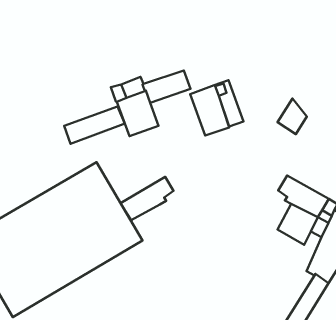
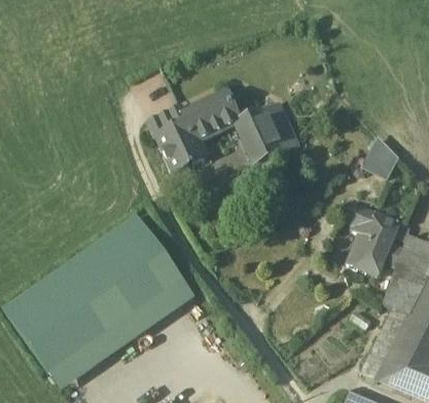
building: [277,98,307,134] -> [364,141,396,180]
building: [64,106,125,144] -> none
building: [121,177,174,220] -> none

